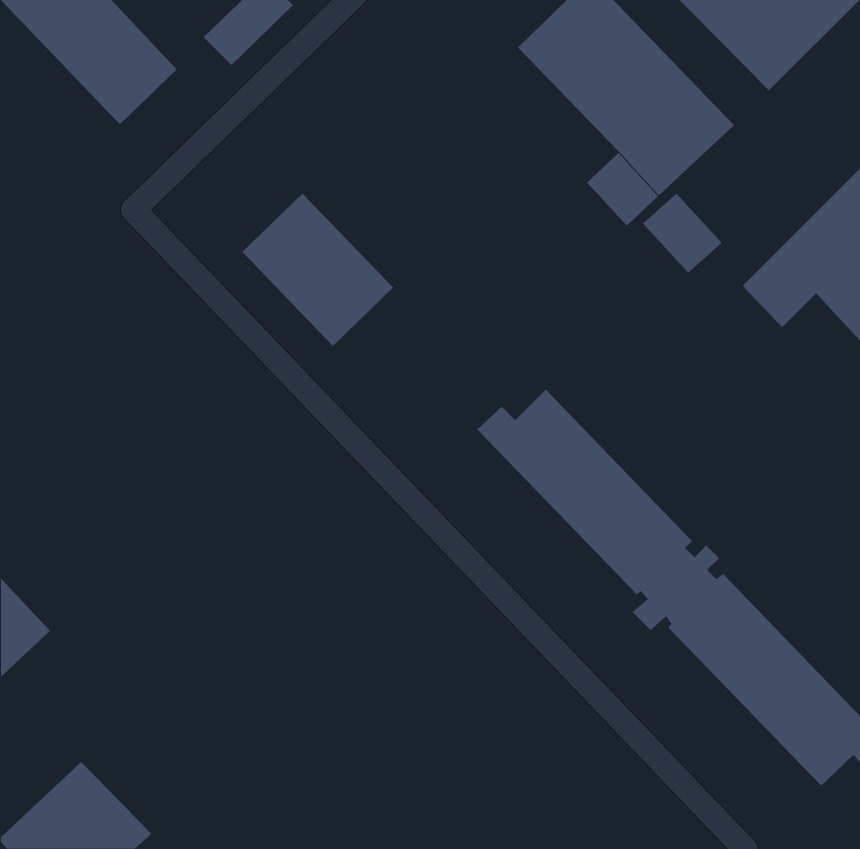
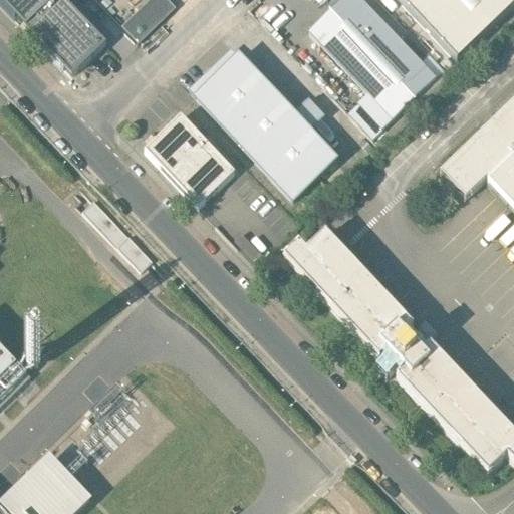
building: none -> [190,46,338,197]
building: [642,193,722,273] -> none

